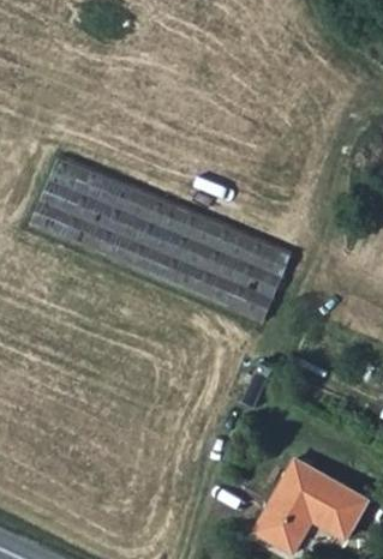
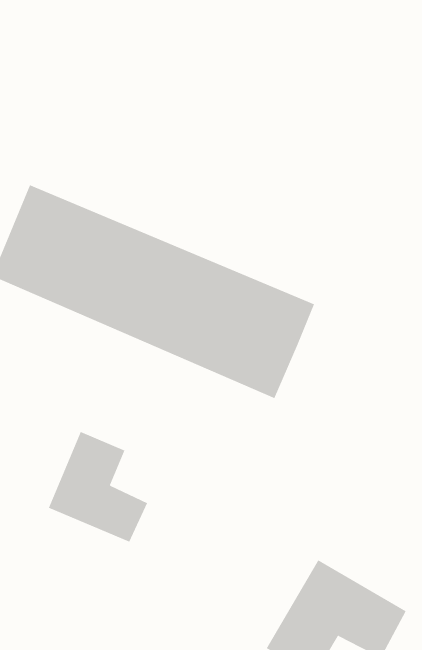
building: none -> [48,431,148,542]

